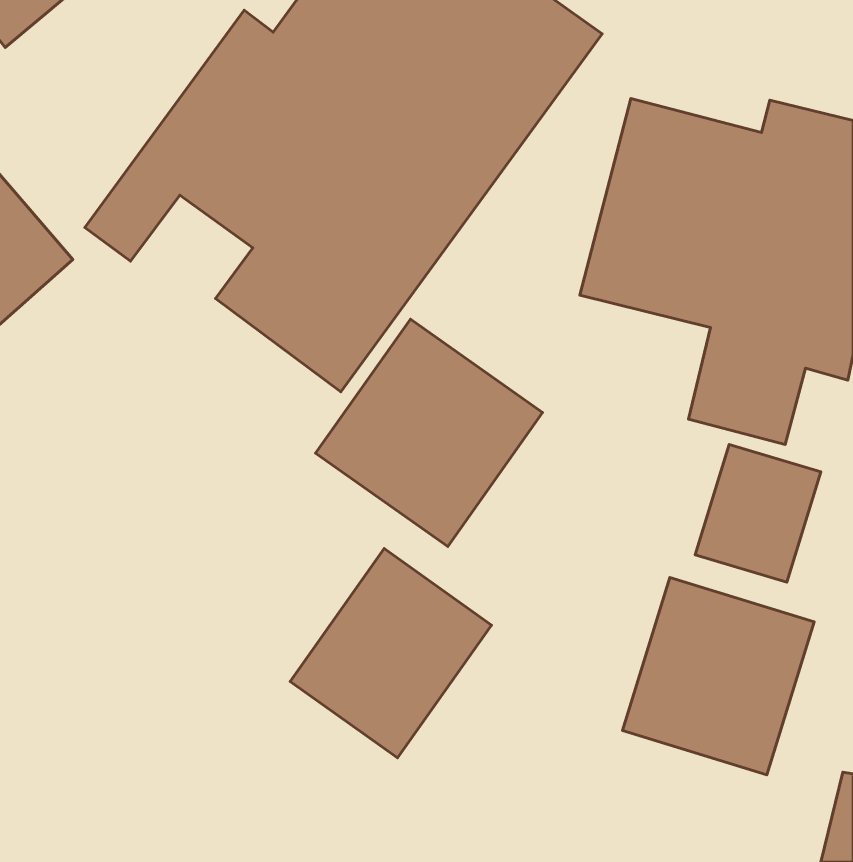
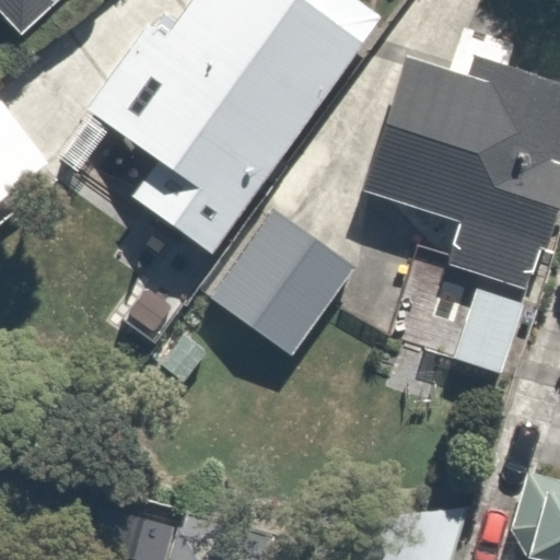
building: [290,549,492,758] -> none
building: [622,577,814,775] -> none

